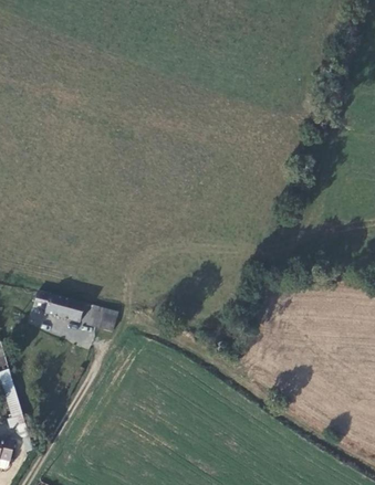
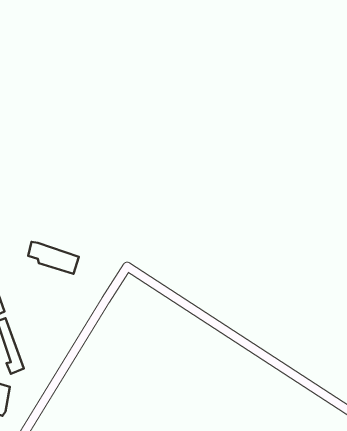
building: [84,307,115,333] -> none

